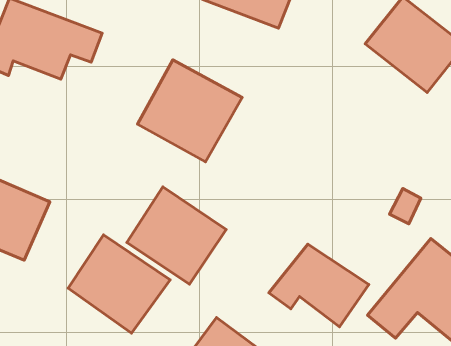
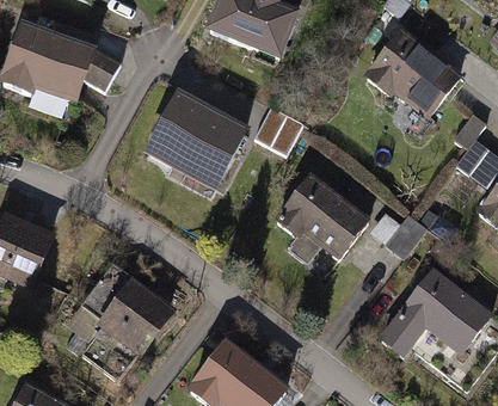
building: [127,187,226,284] -> none
building: [269,244,369,327] -> [272,172,370,253]

